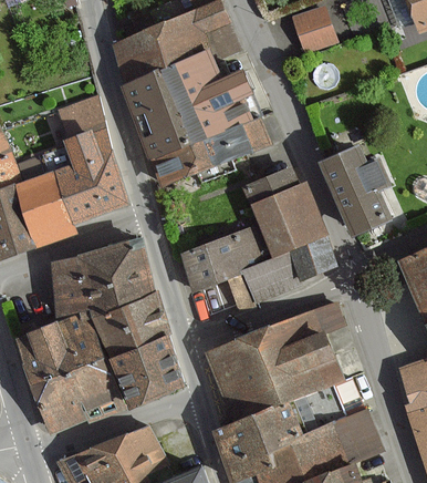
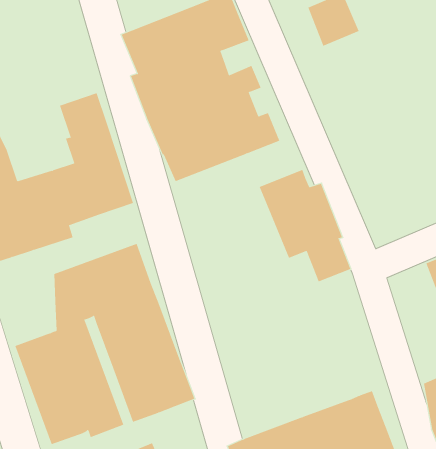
building: [323,148,390,232] -> none
building: [183,230,304,305] -> none
building: [206,302,344,423] -> none

